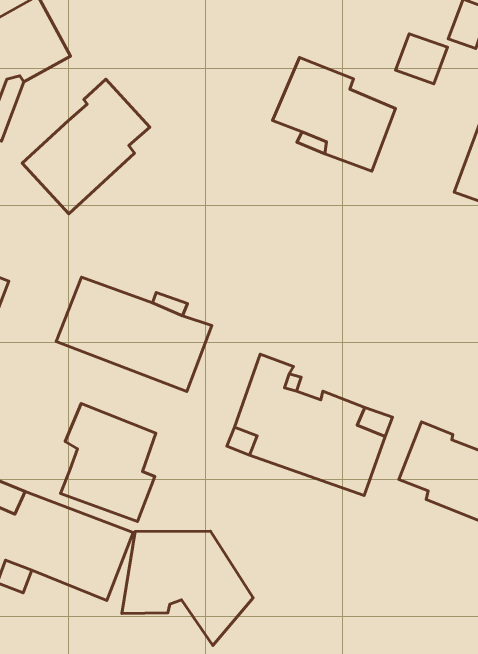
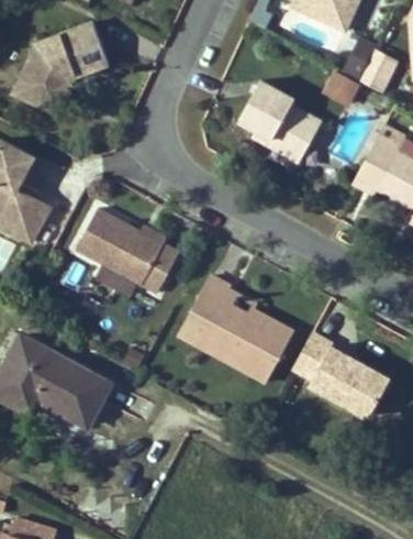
building: [22,79,150,214] -> none
building: [60,404,156,521] -> none
building: [122,531,253,646] -> none

